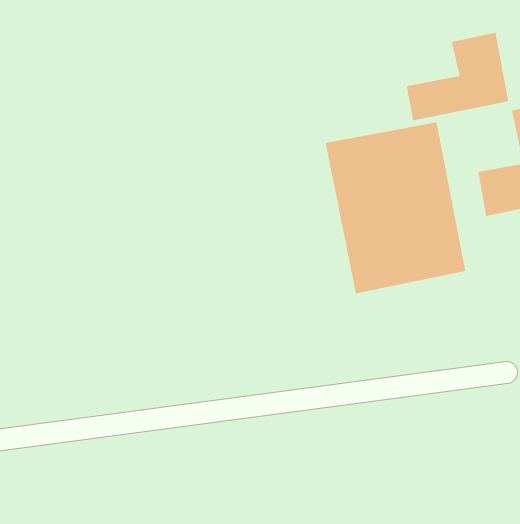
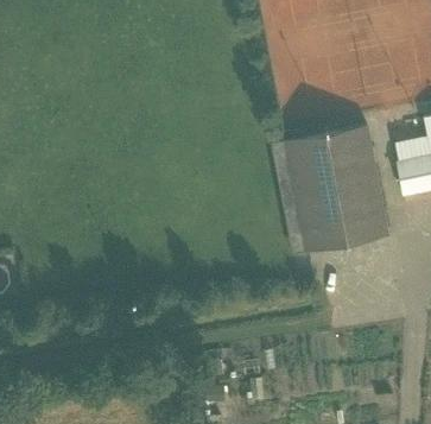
building: [406,32,509,121] -> none

